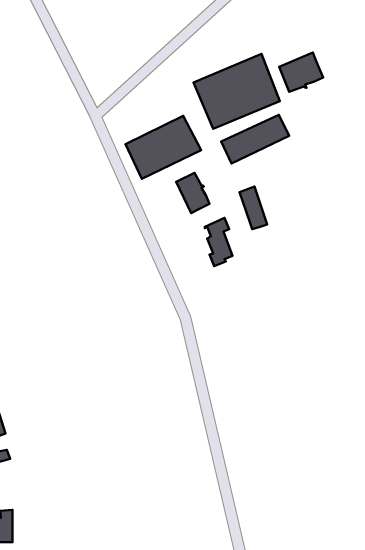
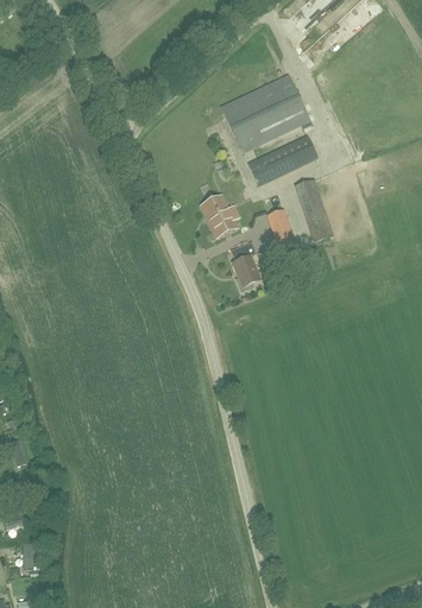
building: [279,53,323,92] -> none
building: [125,116,201,179] -> none
building: none -> [296,180,334,242]

